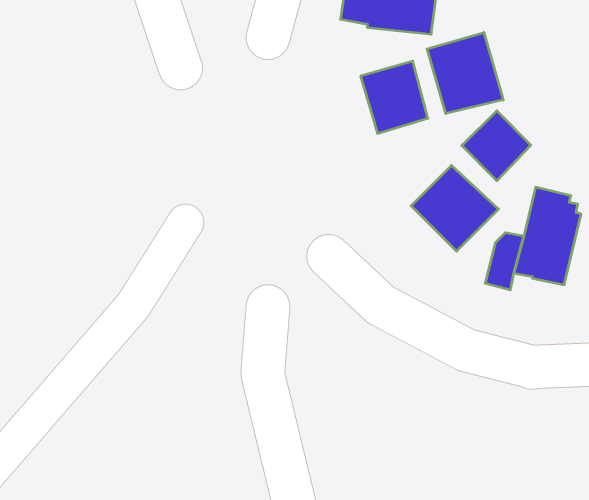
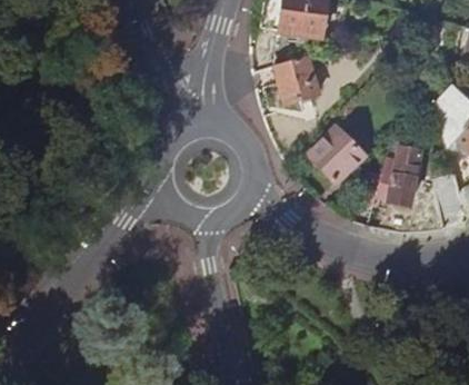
building: [427,32,503,114] -> none
building: [462,111,531,181] -> none

